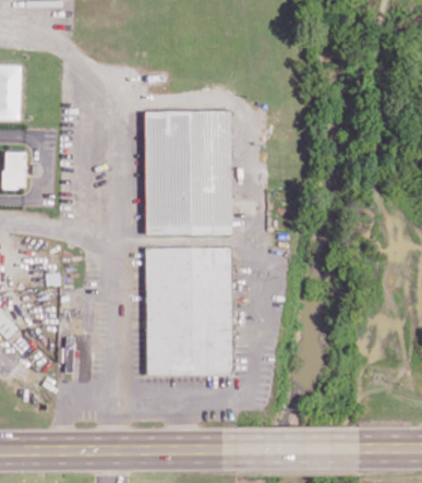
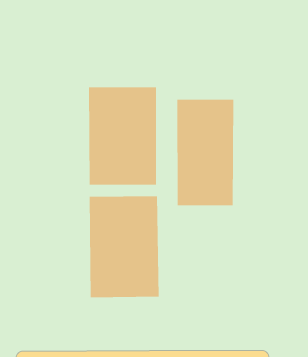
building: none -> [177,99,234,206]

